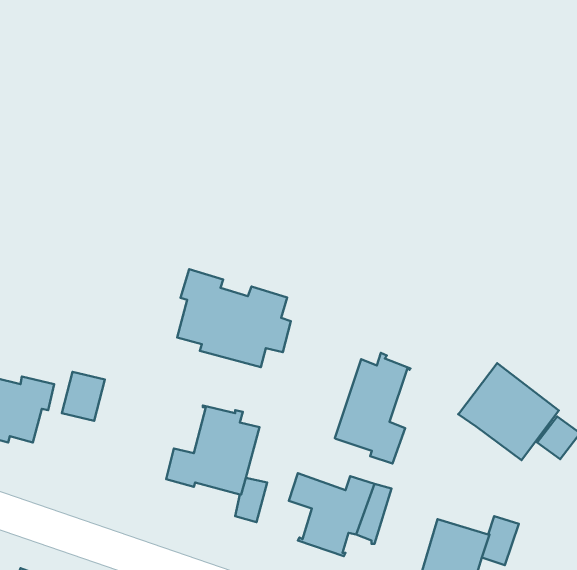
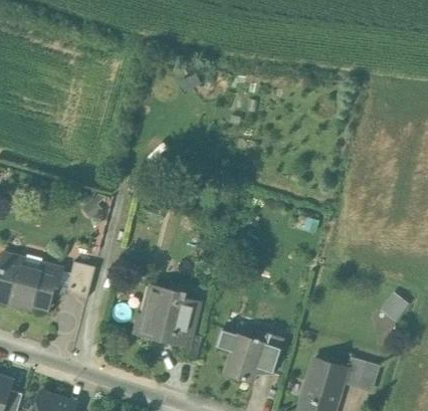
building: [177,269,291,367] -> none
building: [335,353,410,464] -> none
building: [458,363,559,460] -> none

